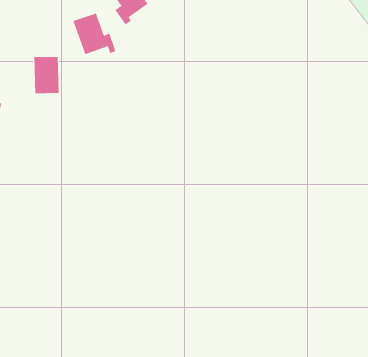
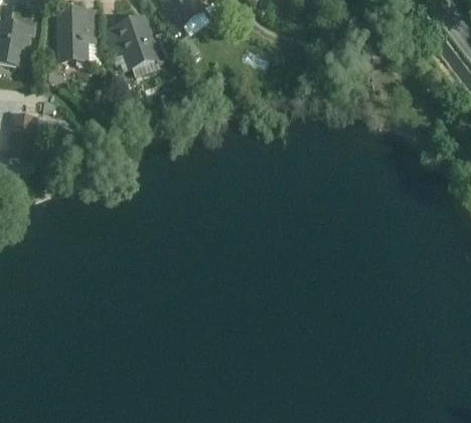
building: [33,56,59,94] -> [57,15,87,57]

